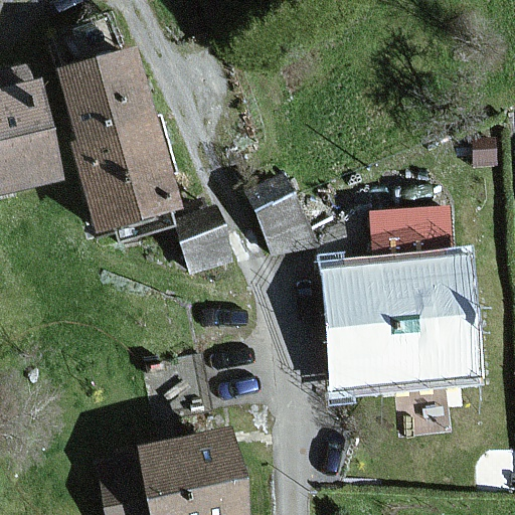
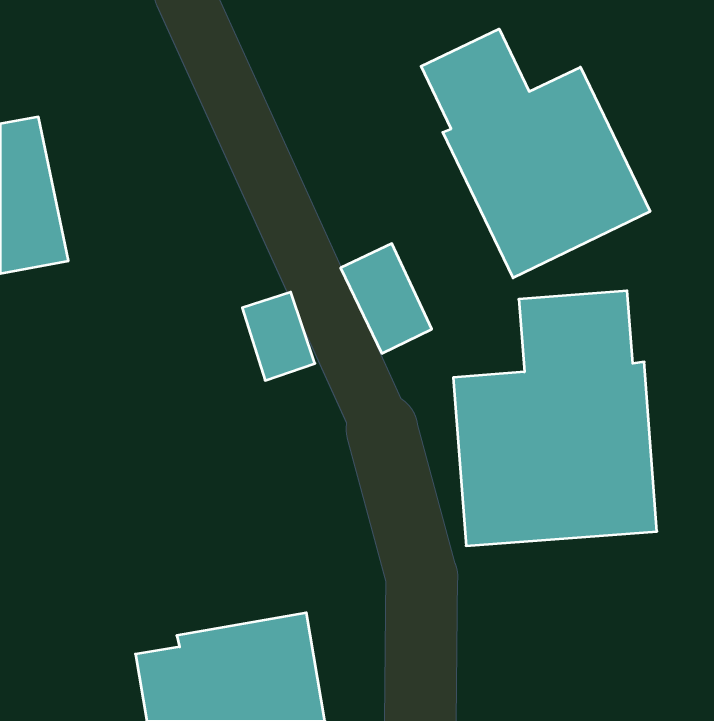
building: none -> [421,29,650,278]
building: [58,51,174,225] -> none

